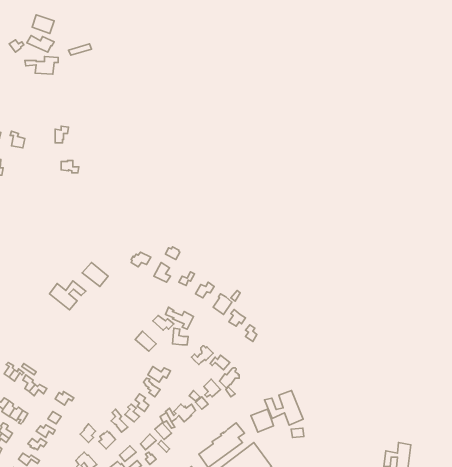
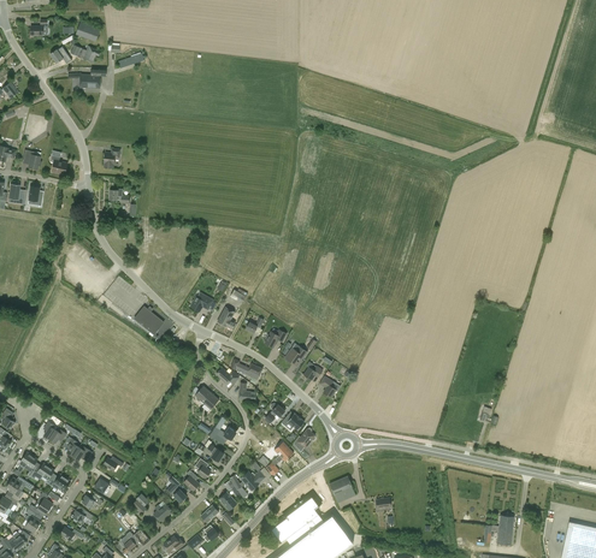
building: [50,281,86,310] -> none
building: [265,391,303,425] -> none

